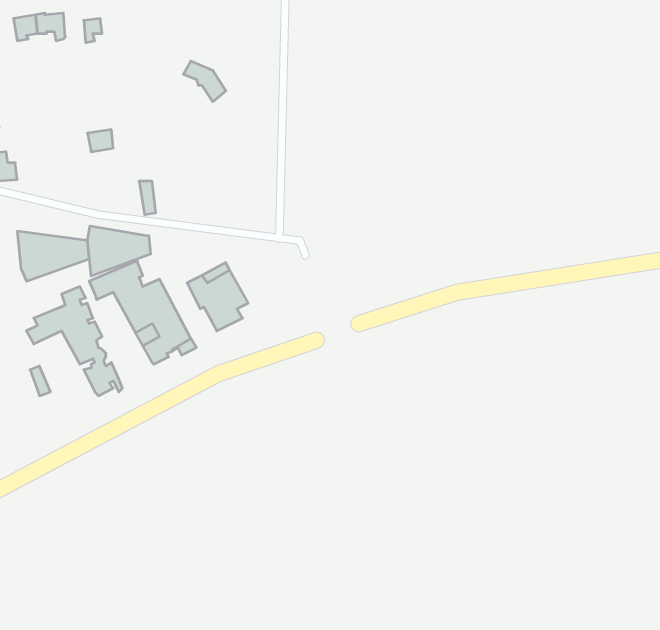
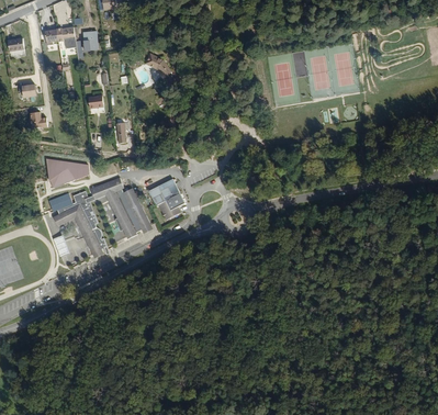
building: [88,226,151,276] -> none

